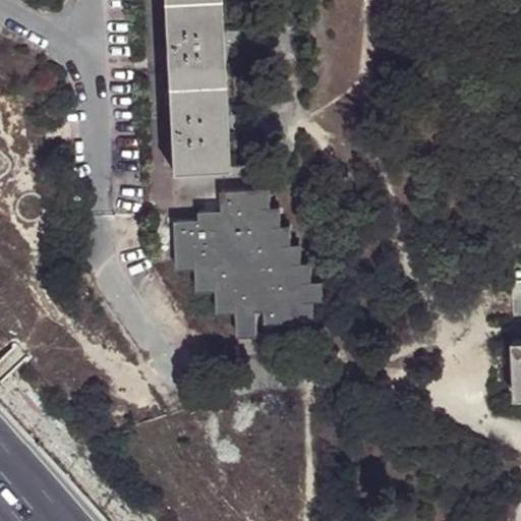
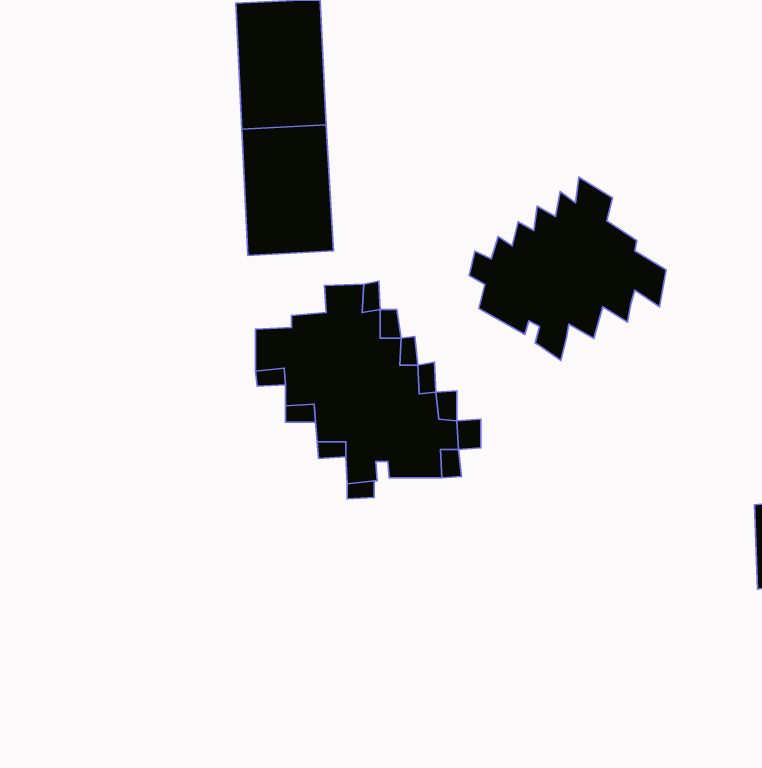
building: none -> [469,177,666,360]

